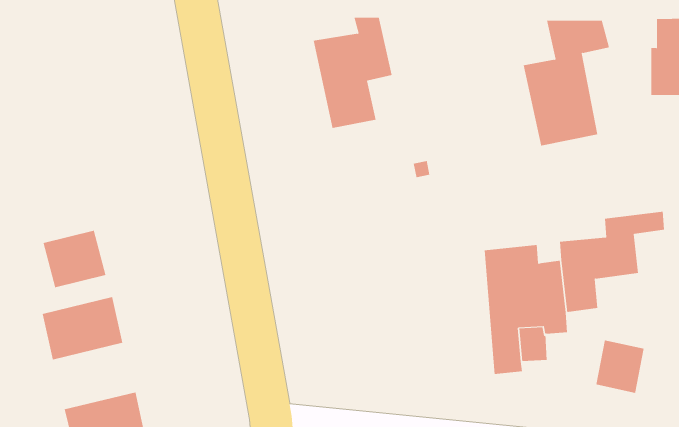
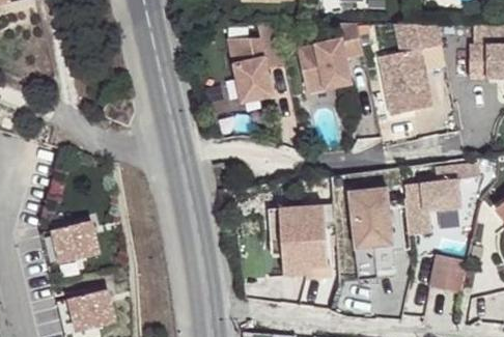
building: none -> [297,23,363,93]
building: [43,230,106,288] -> none
building: none -> [270,204,332,279]

